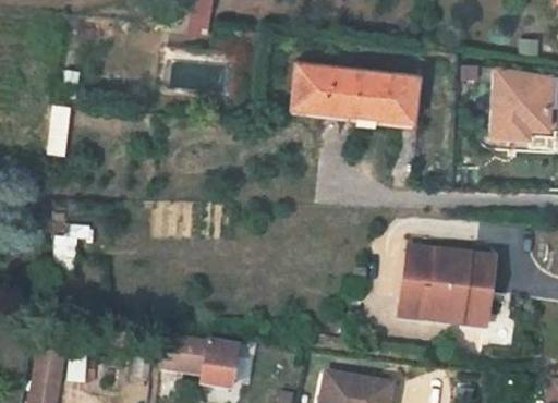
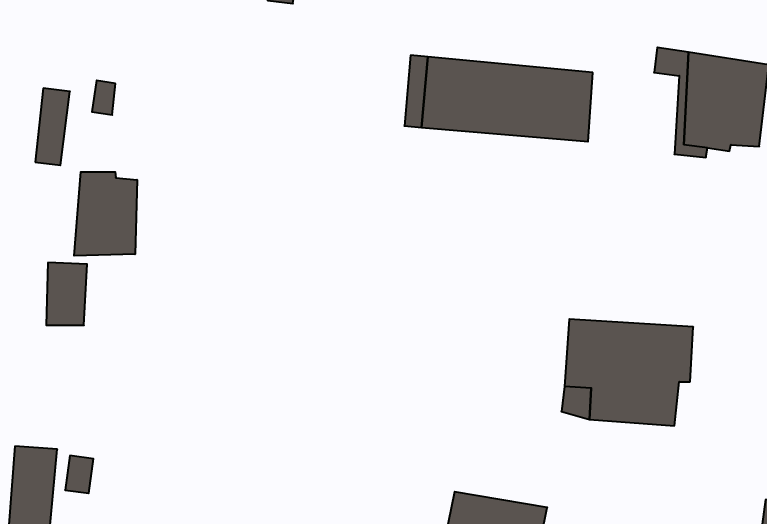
building: none -> [74,172,137,256]
building: [172,333,245,388] -> none

